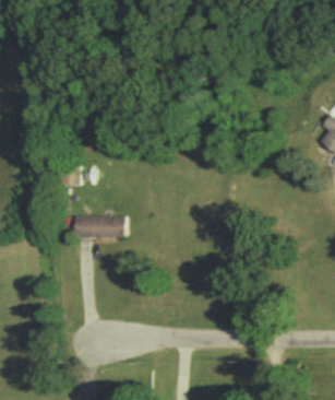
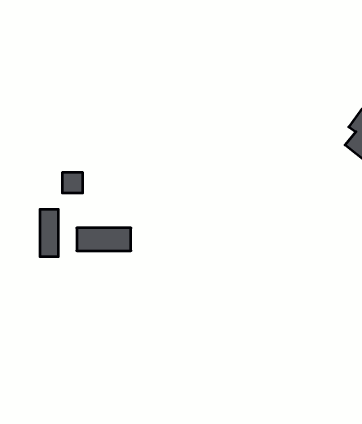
building: none -> [40,209,58,257]

